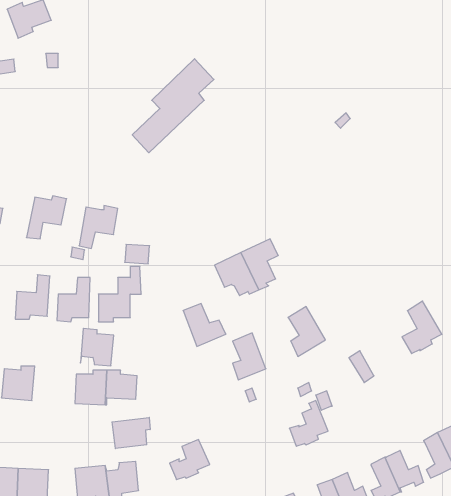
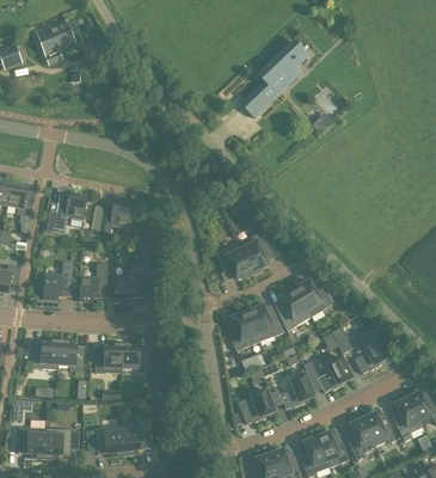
building: [132,59,214,153] -> [239,35,309,116]
building: none -> [293,280,331,317]
building: [402,301,442,354] -> [352,327,387,373]
building: [183,304,226,346] -> [246,305,283,342]
building: [80,328,114,366] -> [56,339,85,372]
building: none -> [315,356,350,392]
building: [112,417,150,449] -> none
building: [170,440,210,480] -> [239,388,274,423]

